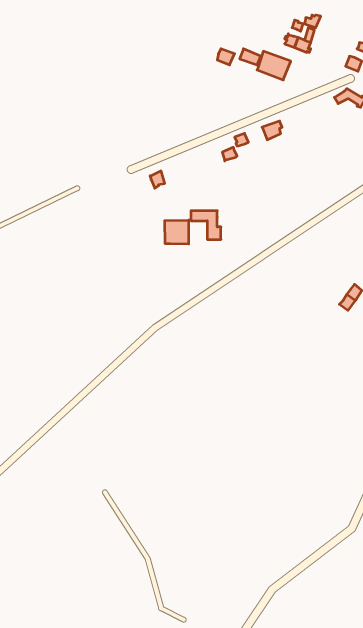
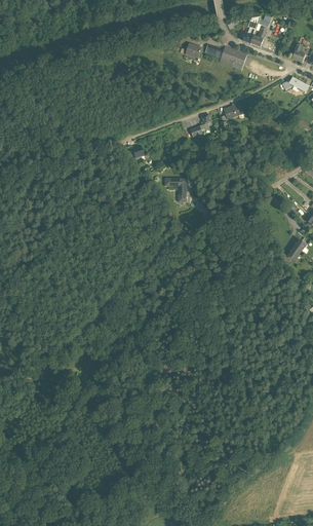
building: [165,220,189,244] -> none

